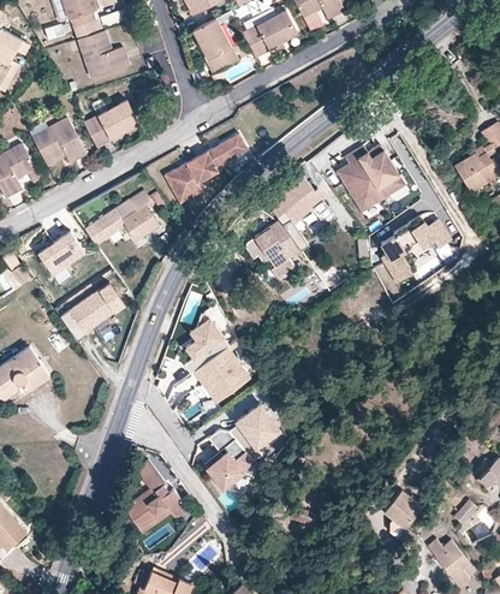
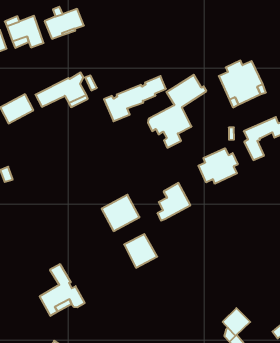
building: [163,132,248,203] -> [104,76,166,121]
building: none -> [198,148,238,184]
building: [71,287,125,339] -> none
building: [185,322,230,378] -> [157,183,190,221]
building: [195,432,256,494] -> none

